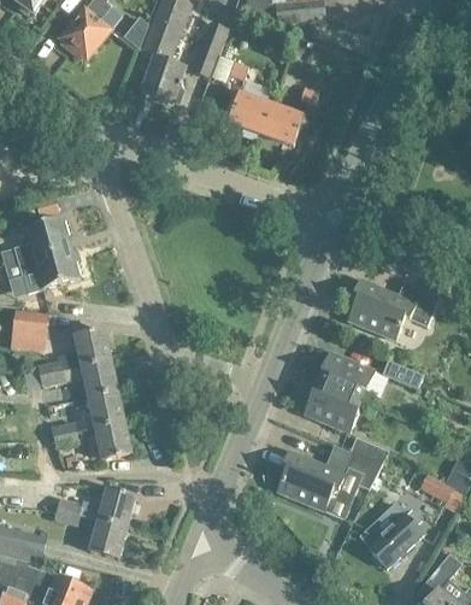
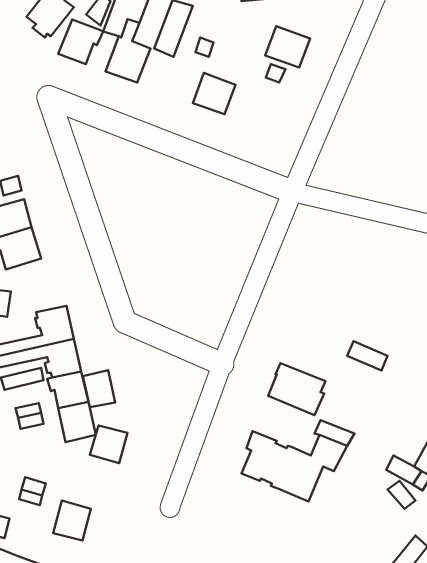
building: none -> [58,19,103,64]
building: [259,106,304,147] -> [265,26,310,68]
building: [347,280,438,342] -> none
building: [314,352,375,400] -> none
building: none -> [83,370,115,407]
building: [98,489,135,527] -> [90,426,128,463]
building: [358,513,422,568] -> none

